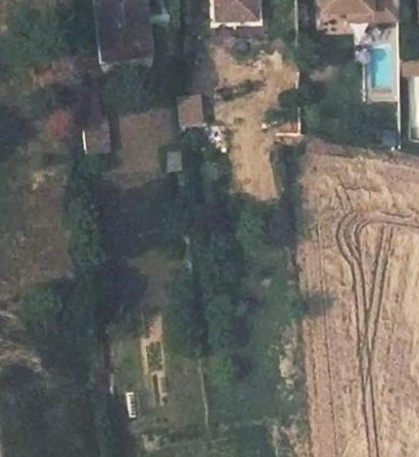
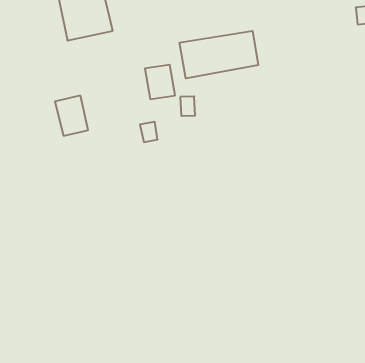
building: none -> [180,31,258,78]

